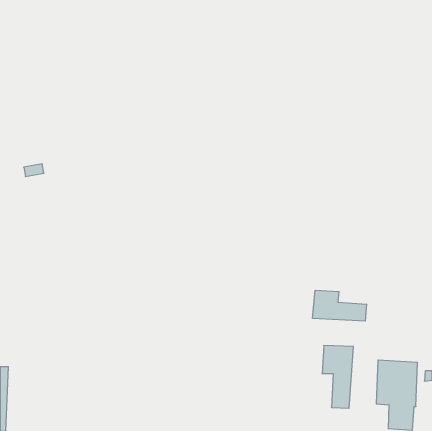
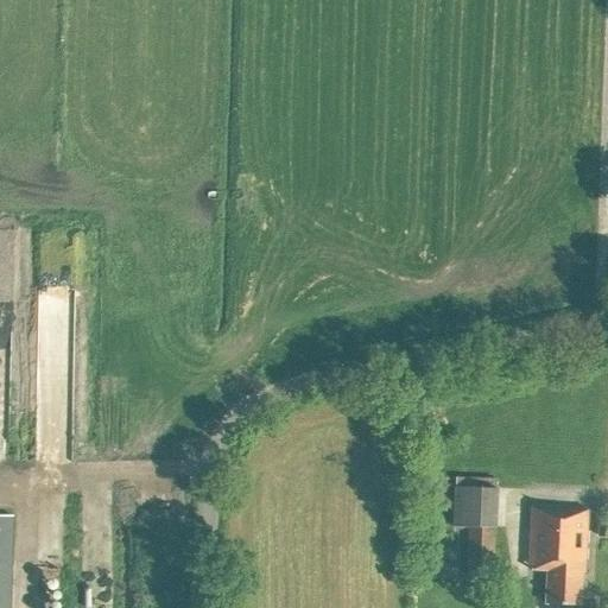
building: [313,290,366,321] -> none

